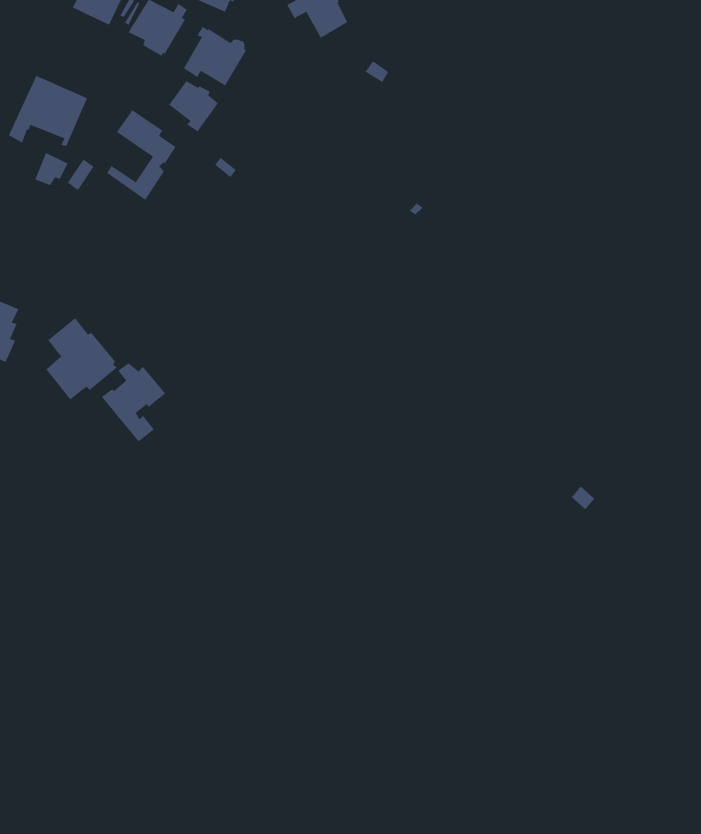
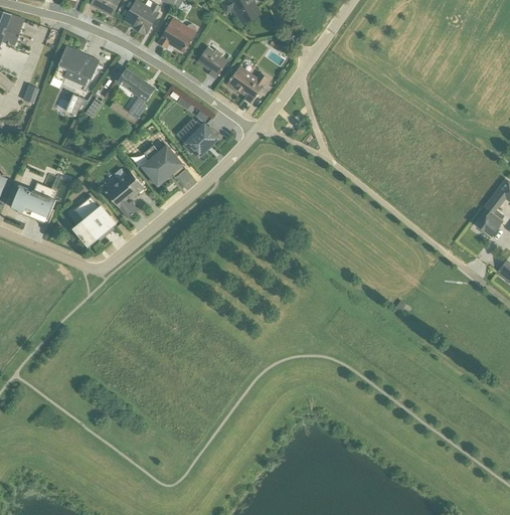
building: [168,80,219,133] -> [196,46,227,78]
building: none -> [227,65,268,103]
building: none -> [176,119,217,156]
building: none -> [141,144,186,186]
building: [101,362,166,443] -> [104,168,144,217]

